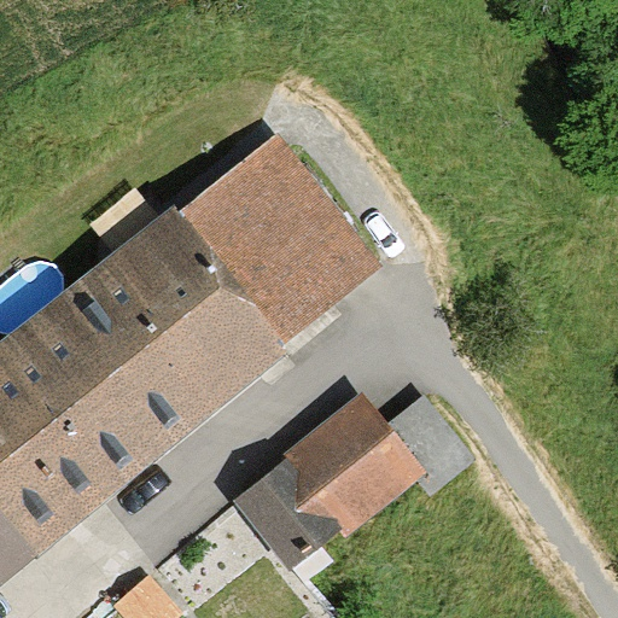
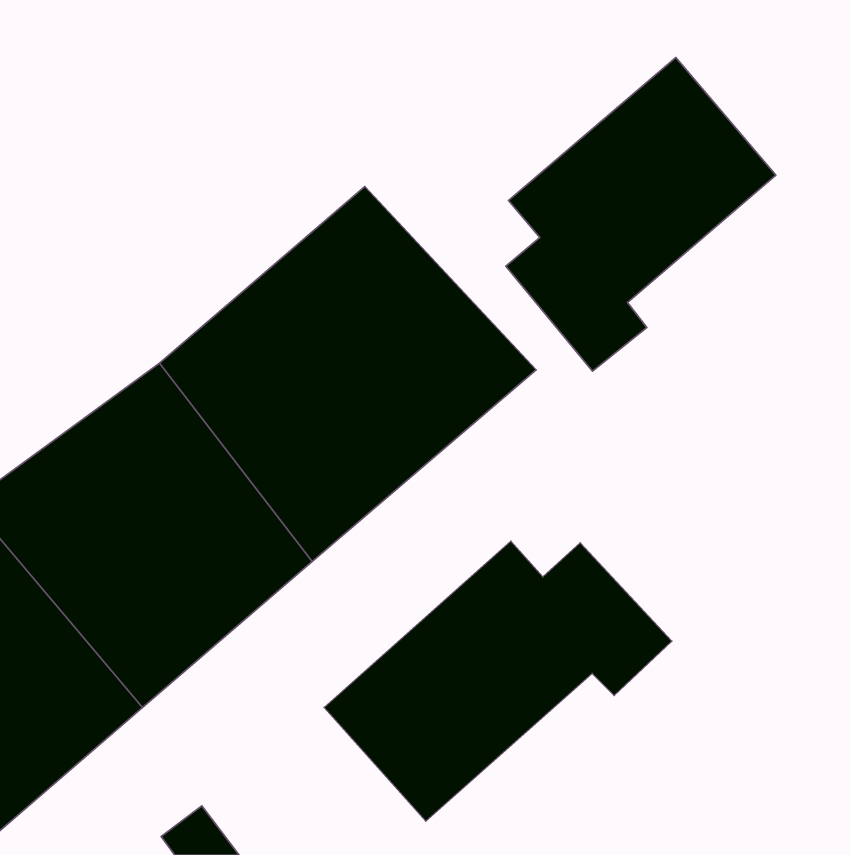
building: none -> [506,57,776,371]

